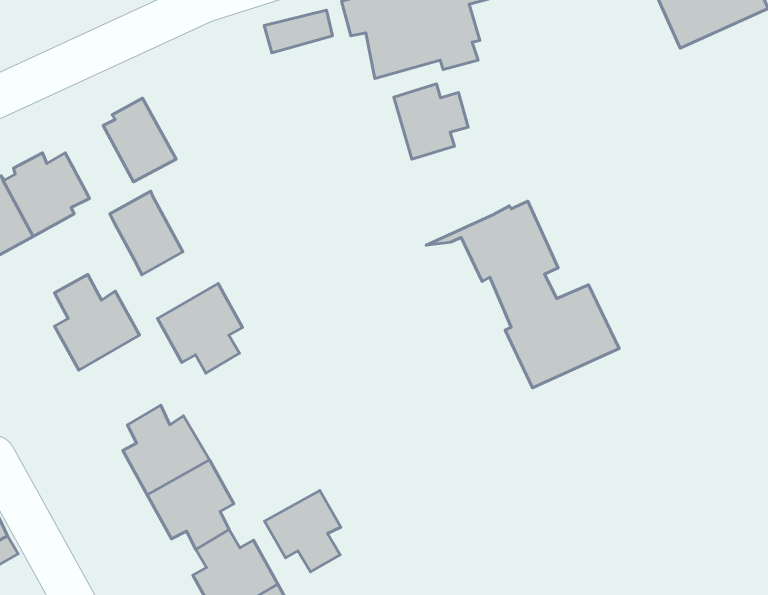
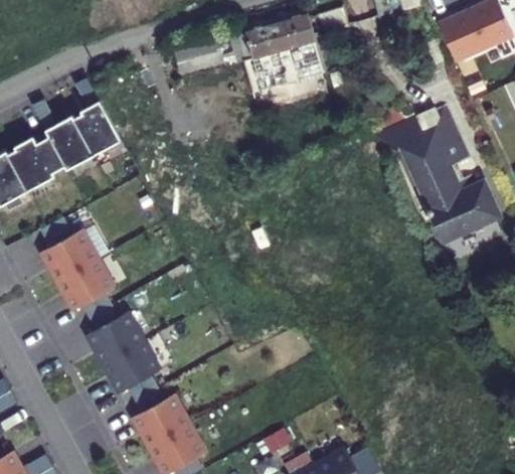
building: [394,84,468,159] -> none
building: [110,191,183,275] -> [44,115,93,170]
building: [426,201,619,388] -> [375,118,503,242]
building: [157,283,242,373] -> [56,257,113,316]
building: [264,491,341,572] -> none

